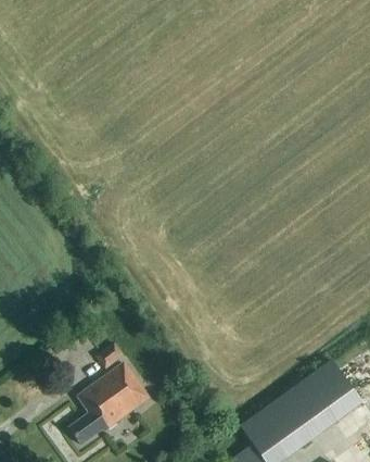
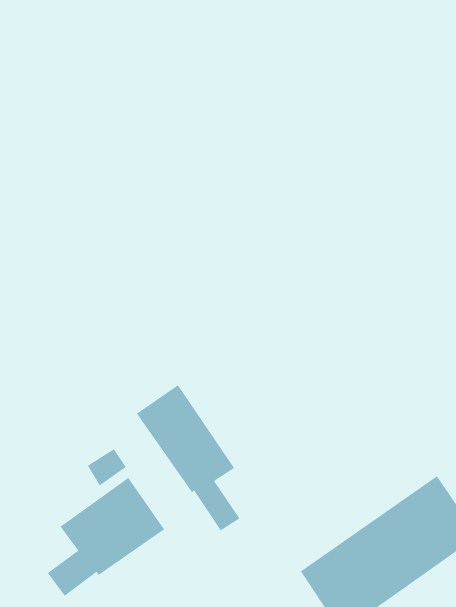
building: none -> [136,384,241,531]

